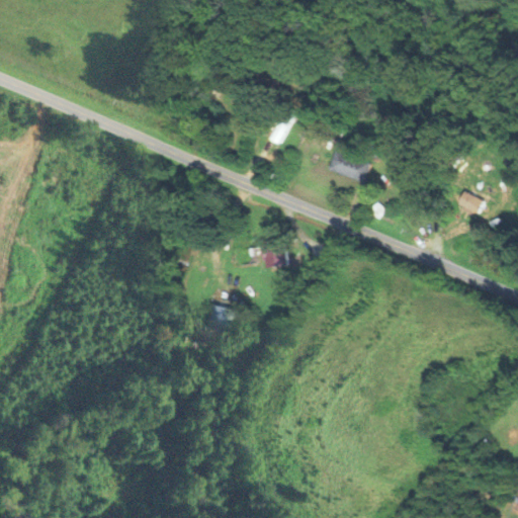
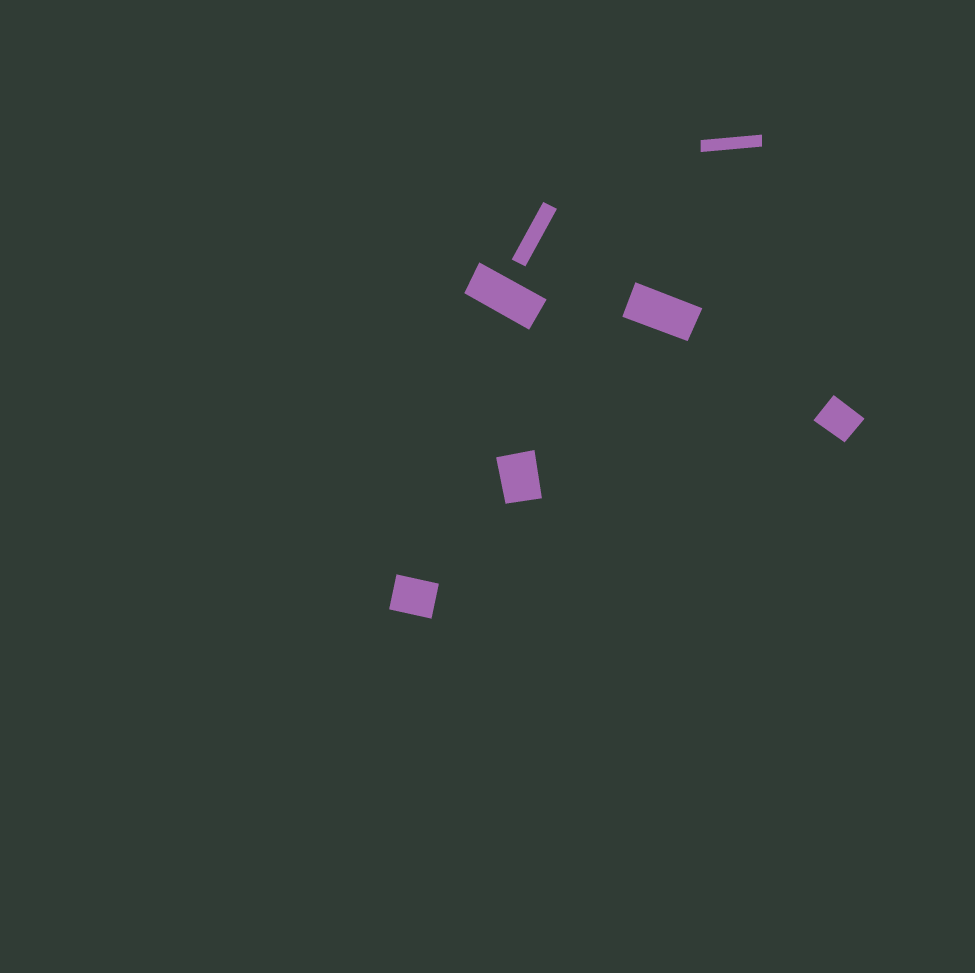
building: none -> [463,261,548,331]
building: [455,191,484,218] -> [812,394,866,443]

